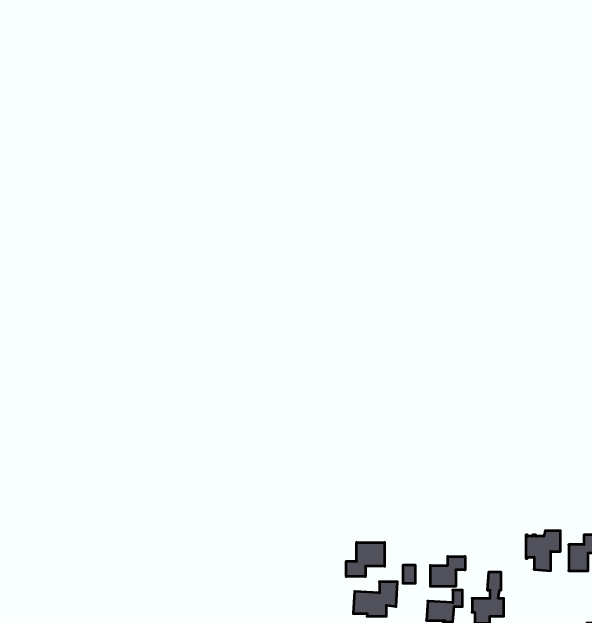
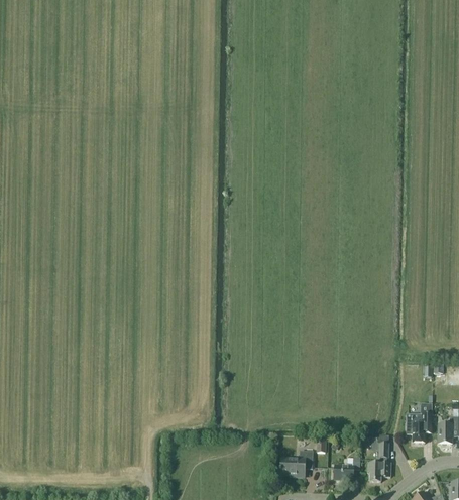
building: [346,542,385,577] -> none
building: [430,556,465,586] -> none

